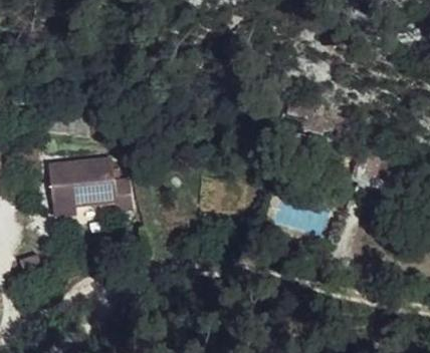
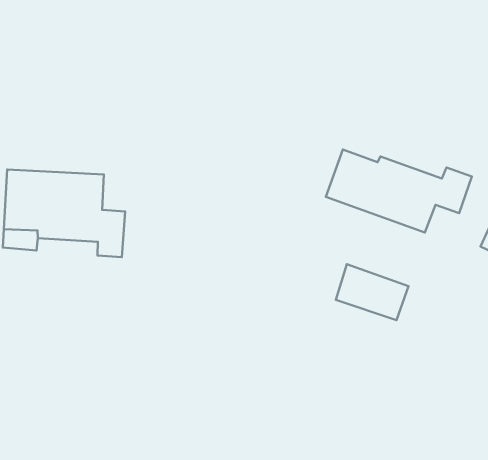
building: none -> [326,149,472,233]

